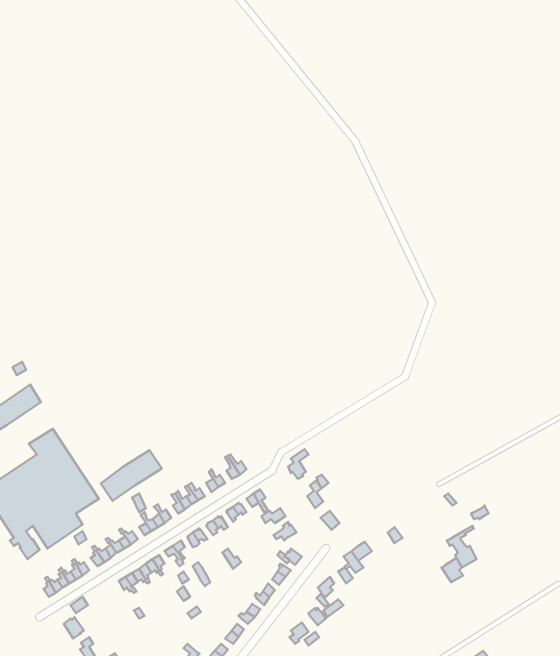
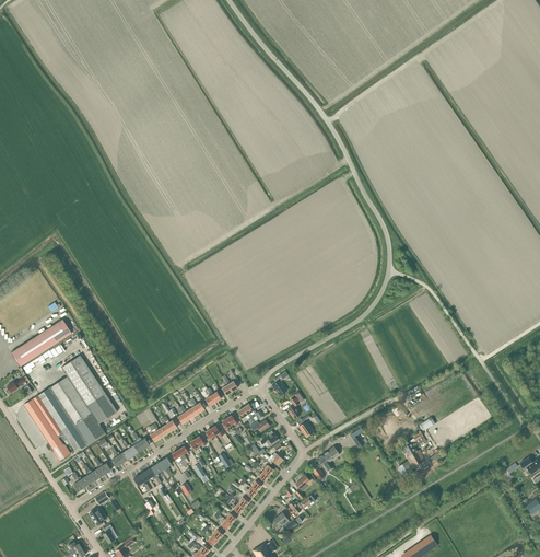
building: [101,450,162,501] -> none

